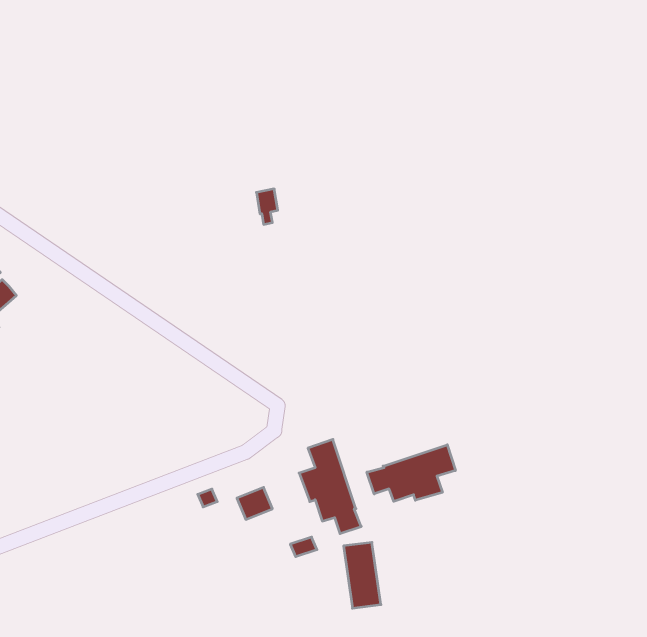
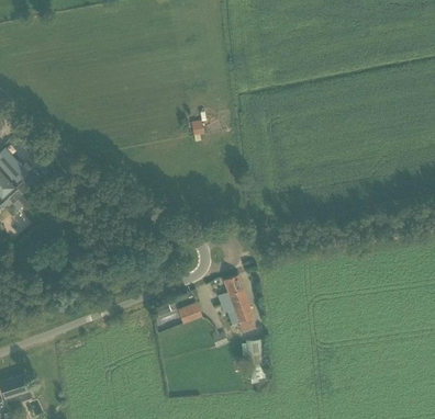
building: [367,445,455,501] -> none

